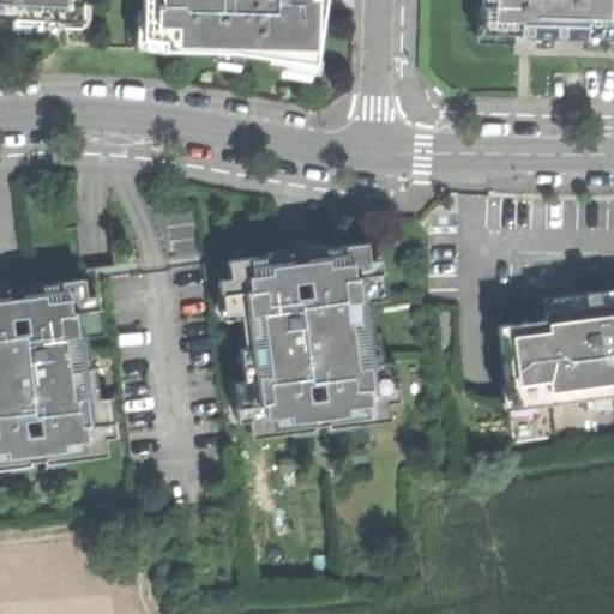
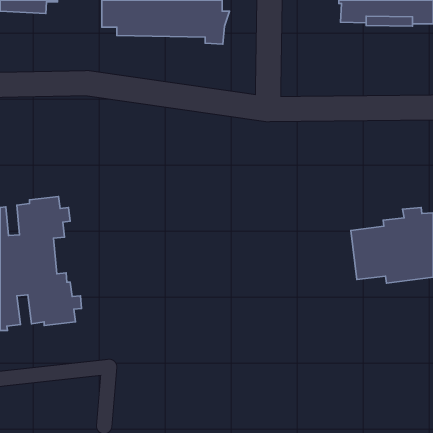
building: [219,242,397,437] -> none

